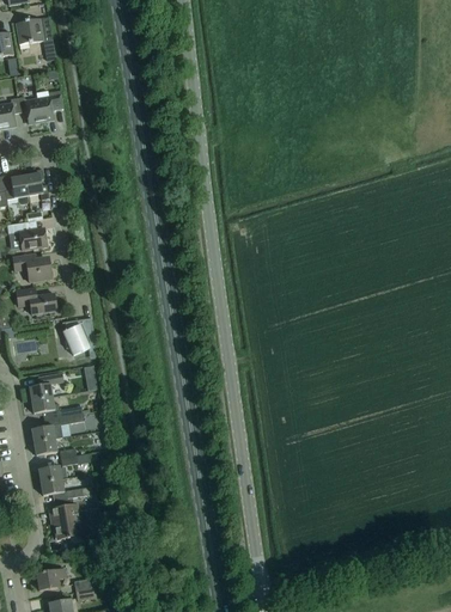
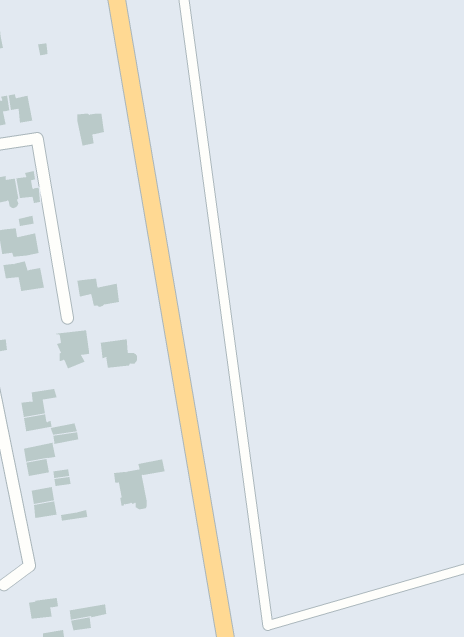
building: [16,17,51,43] -> none
building: [36,91,62,122] -> [77,113,105,146]
building: [16,288,56,316] -> [77,278,120,307]
building: none -> [100,338,138,368]
building: [49,495,98,543] -> [113,459,165,510]

